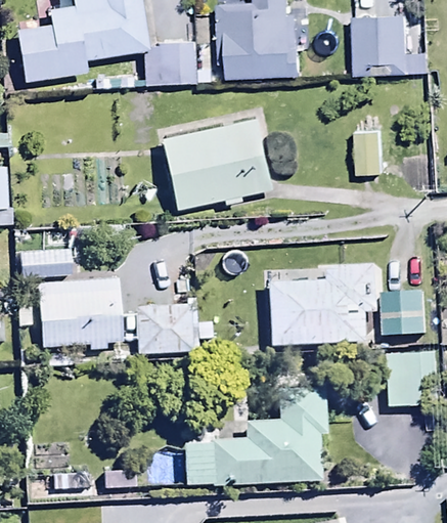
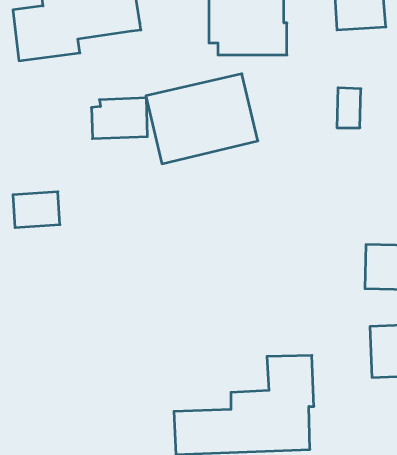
building: [142,46,199,88] -> [91,98,147,139]
building: [265,255,370,331] -> none
building: [40,282,191,361] -> none

